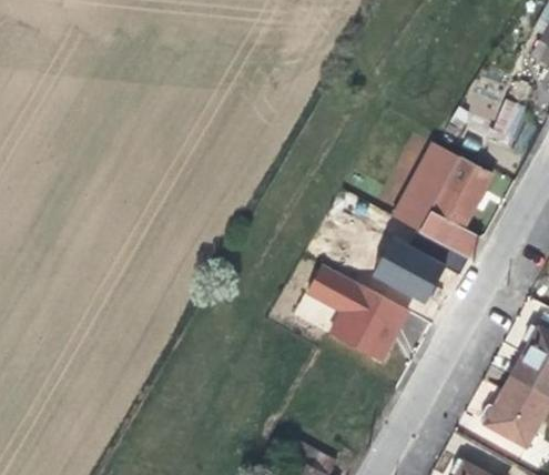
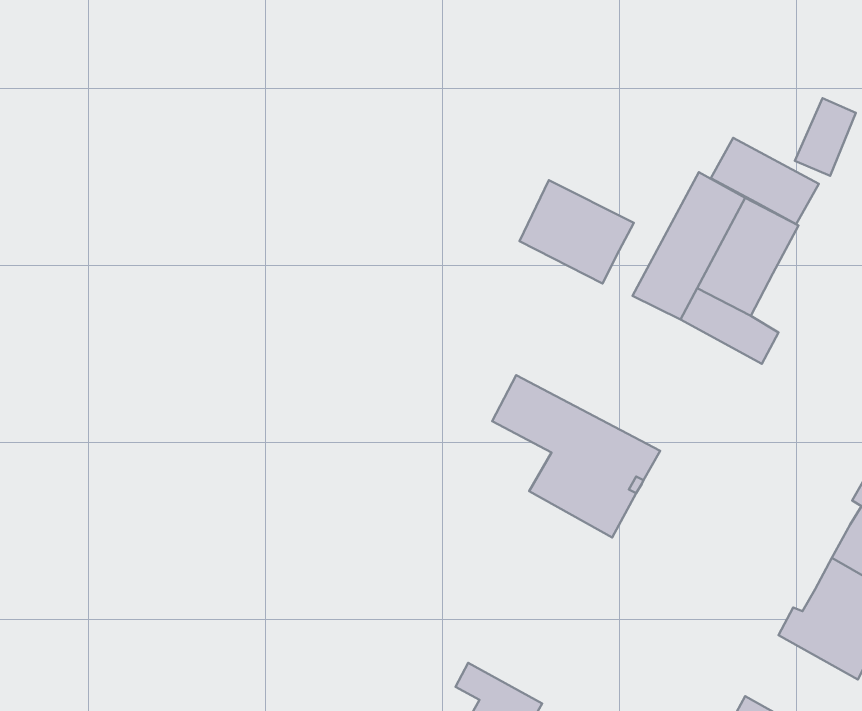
building: none -> [711,138,819,224]
building: [376,240,445,302] -> [519,180,634,284]

